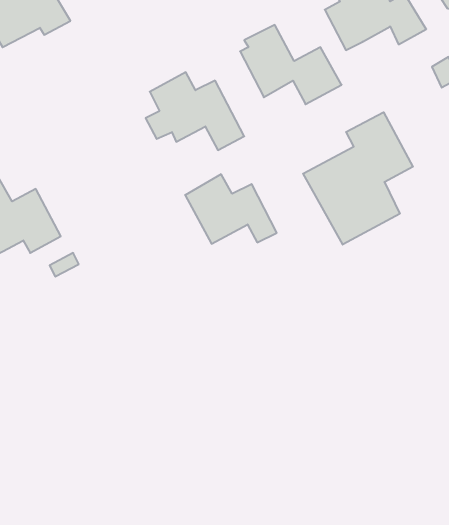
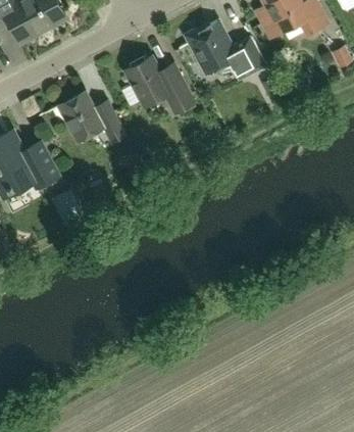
building: [303,112,413,245] -> none
building: [185,174,277,244] -> [59,92,127,143]

